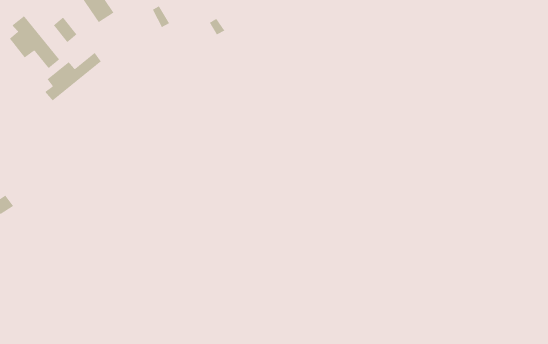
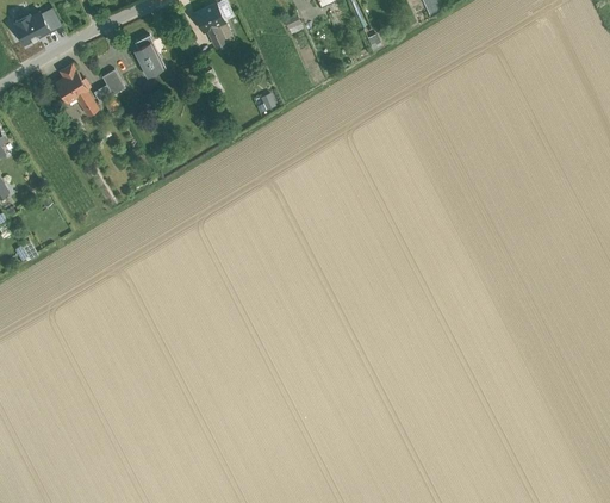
building: [44,52,102,102] -> none

